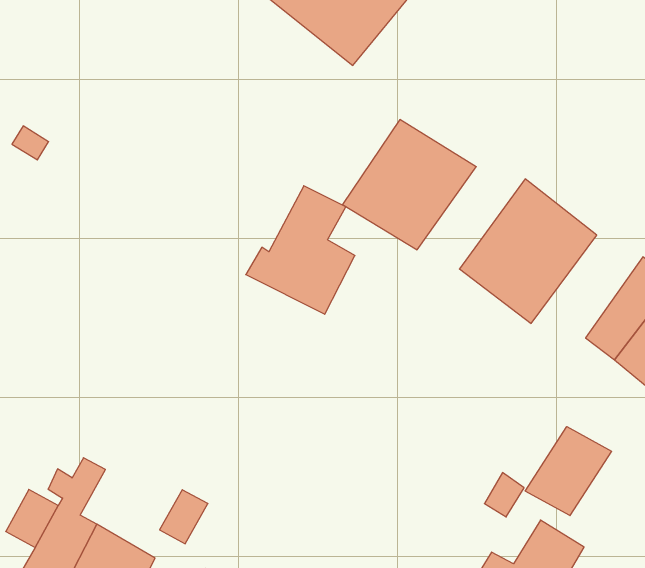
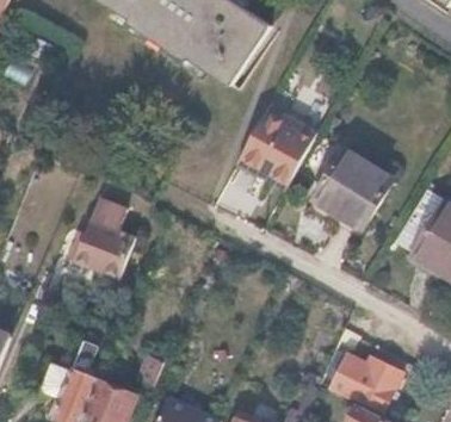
building: [246,186,355,314] -> [67,209,134,287]
building: [525,427,612,516] -> none

